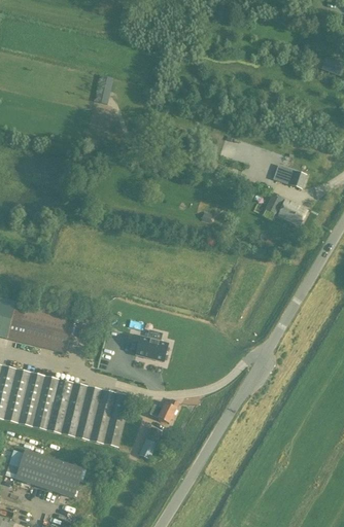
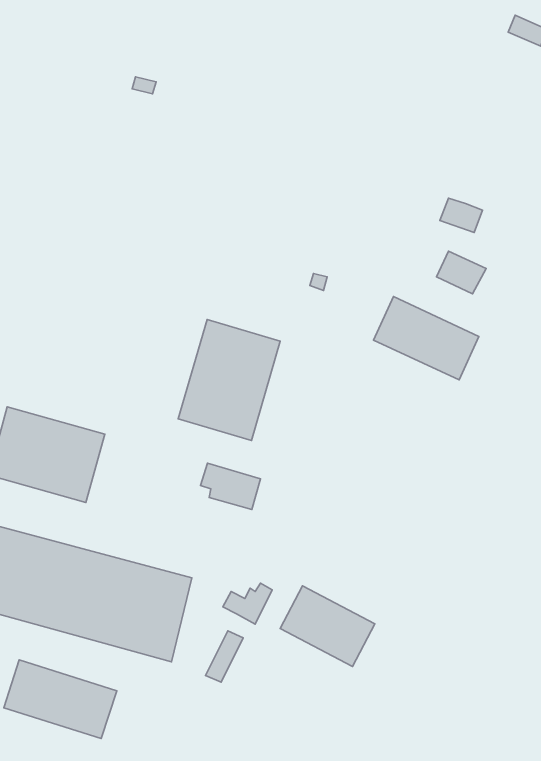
building: none -> [373,297,479,380]
building: none -> [178,320,280,440]
building: none -> [280,586,375,667]

